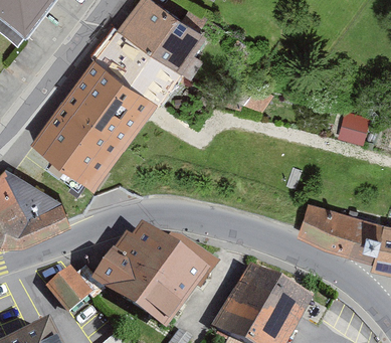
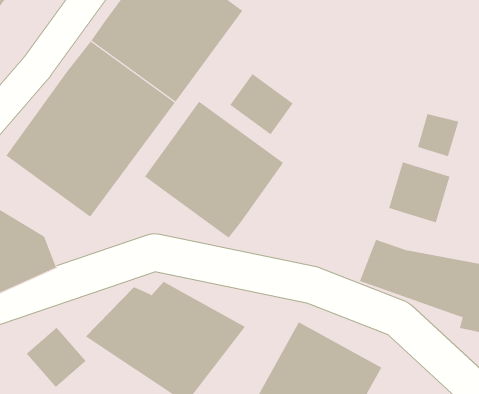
building: none -> [230,73,294,135]
building: none -> [144,101,284,239]
building: none -> [388,161,450,223]

